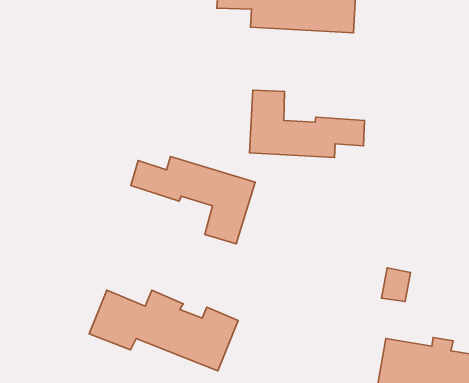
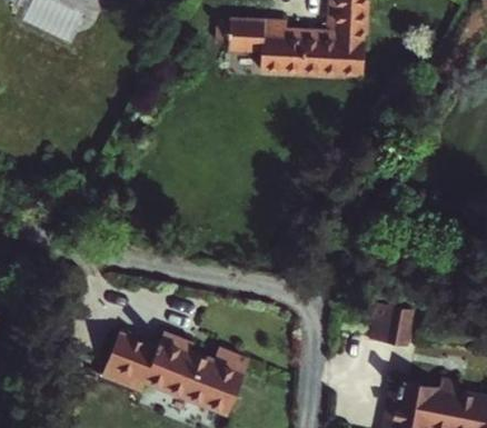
building: [250,90,365,157] -> none
building: [131,156,255,244] -> none

